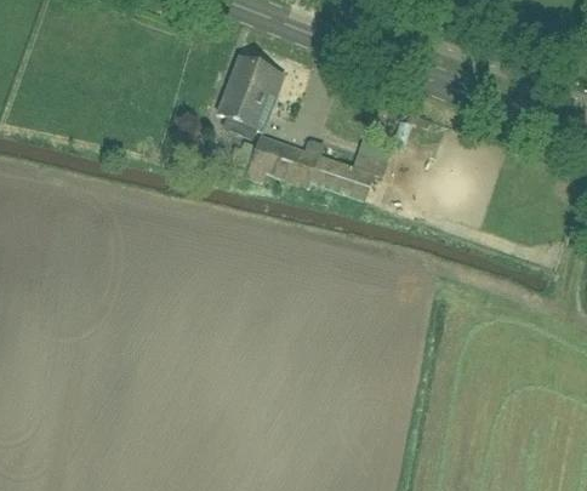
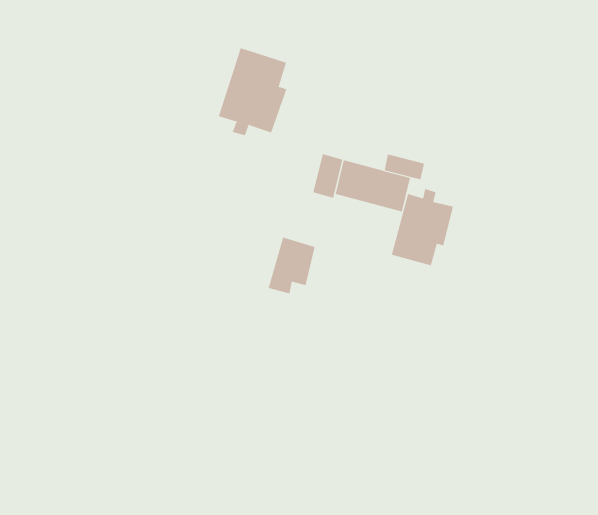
building: [244,132,285,179] -> [268,237,315,294]
building: none -> [391,188,453,266]

